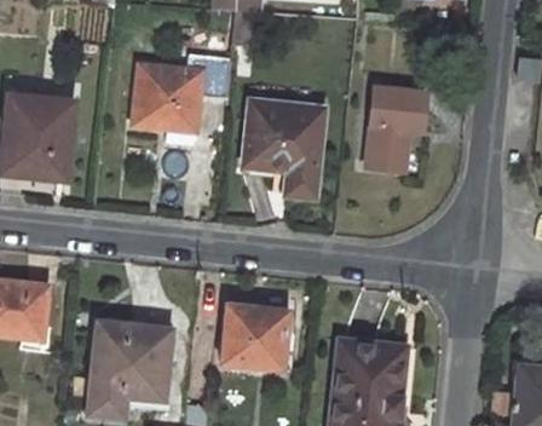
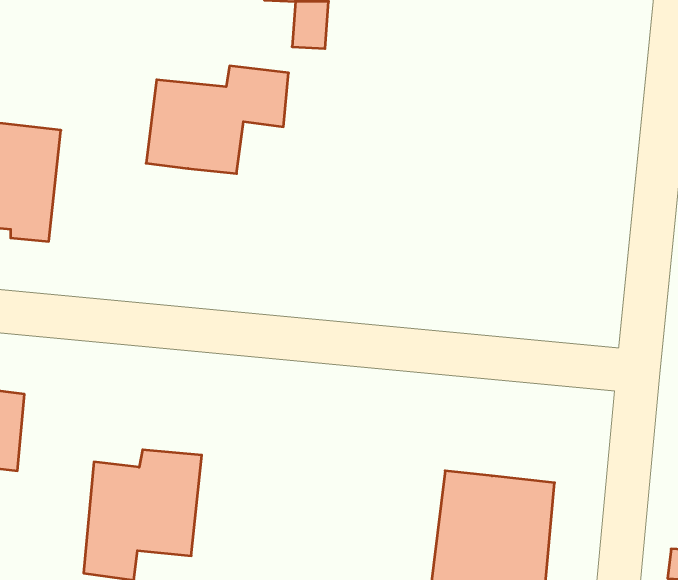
building: [365,88,423,171] -> none
building: [243,100,322,197] -> none
building: [220,304,287,367] -> none

